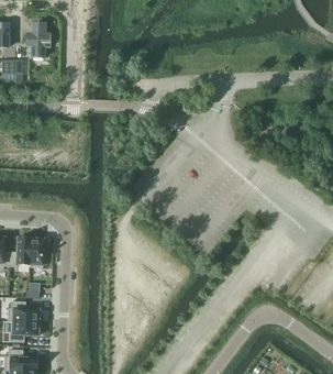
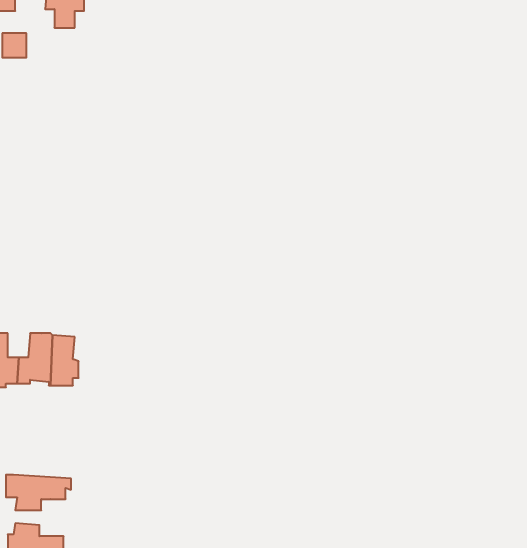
building: [9,299,43,321] -> none

